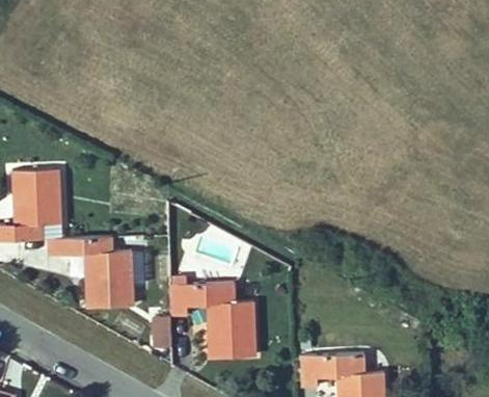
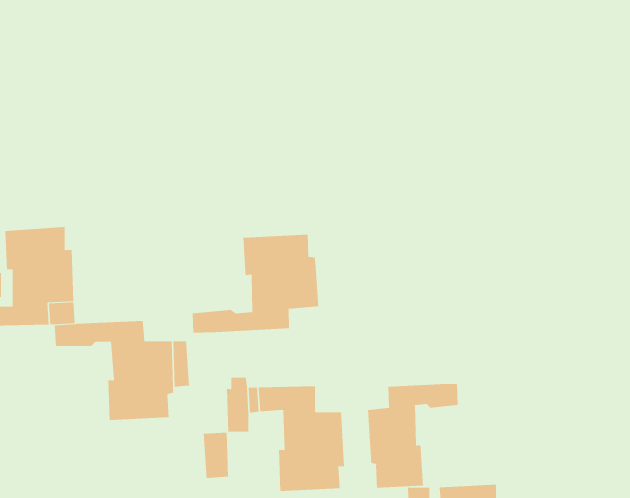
building: none -> [192,234,319,334]
building: none -> [368,383,458,488]

